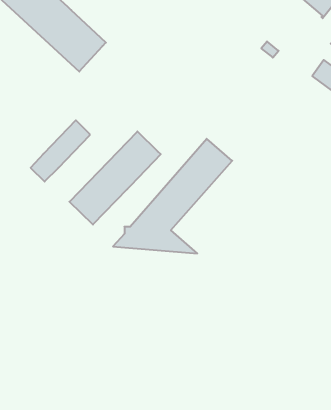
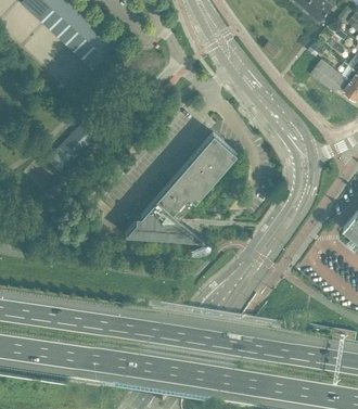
building: [69,131,161,225] -> none

